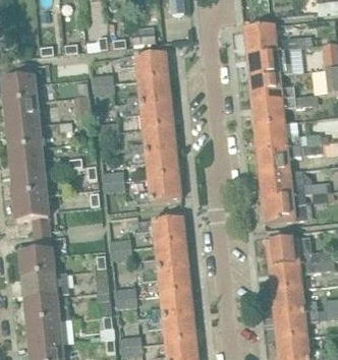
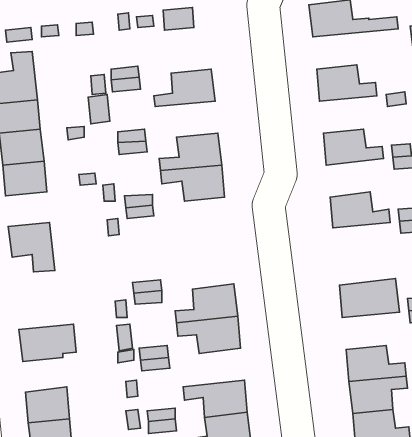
building: [245,46,312,76] -> none
building: [119,51,168,79] -> none
building: [250,97,295,125] -> none
building: [125,101,173,128] -> none
building: [256,144,300,174] -> none
building: [11,170,45,196] -> none
building: [134,174,181,202] -> none
building: [261,193,305,223] -> none
building: [136,216,185,244] -> none
building: [19,236,53,275] -> none
building: [268,261,313,290] -> none
building: [146,289,193,318] -> none
building: [24,296,58,322] -> none

